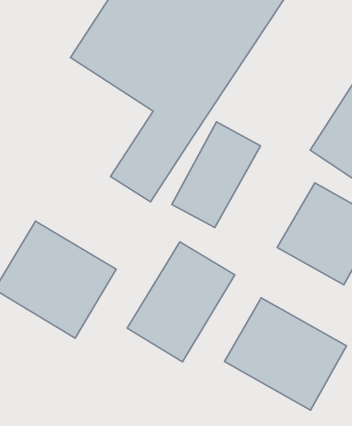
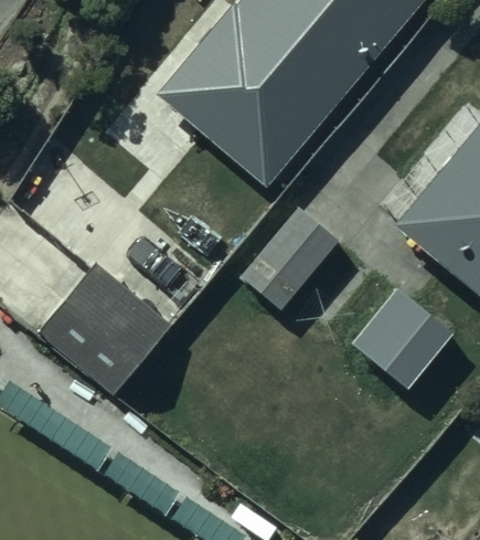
building: [127,242,235,362] -> none
building: [225,298,347,410] -> none

